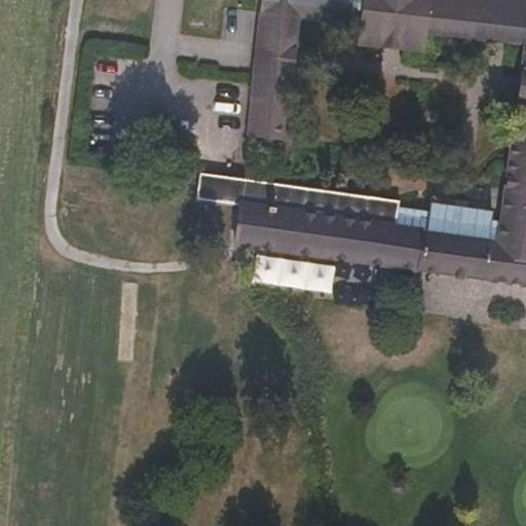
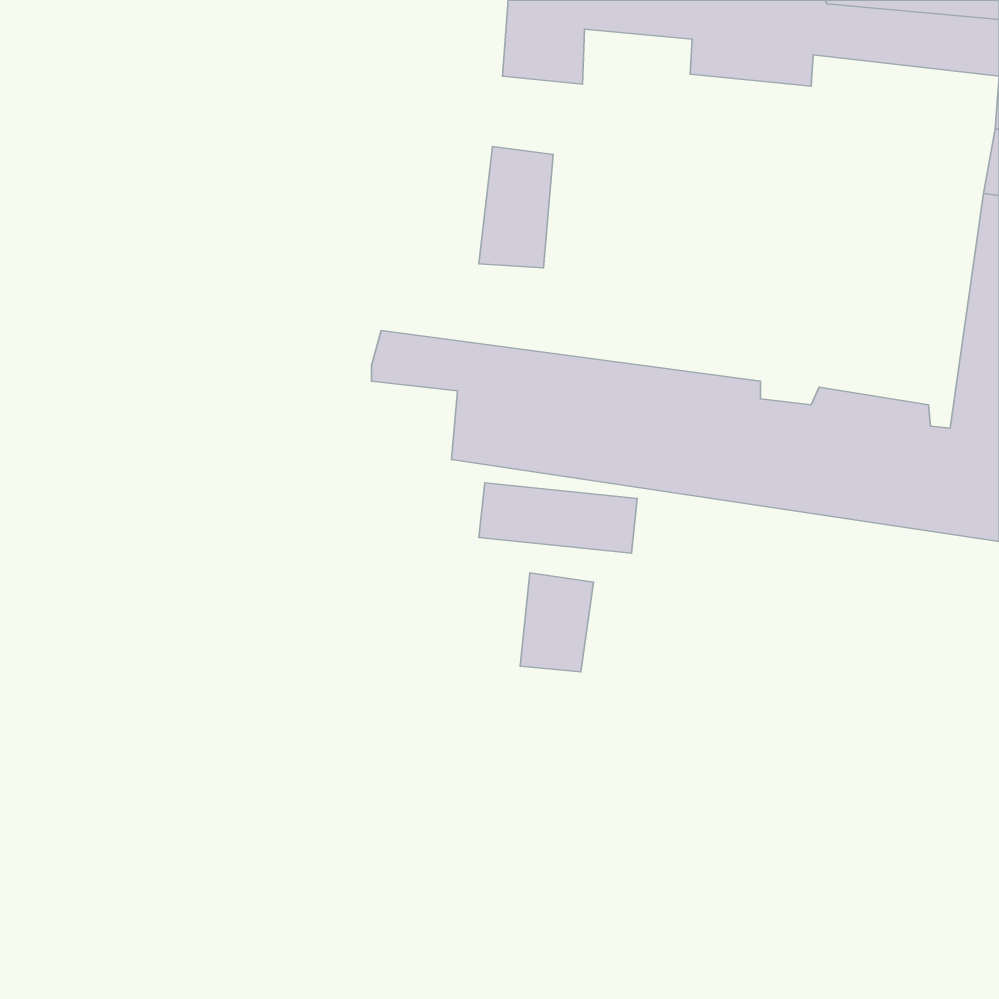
building: [259,40,306,81] -> none
building: none -> [520,573,593,672]

